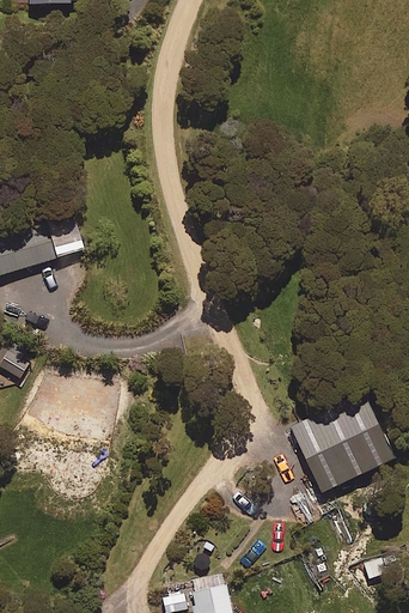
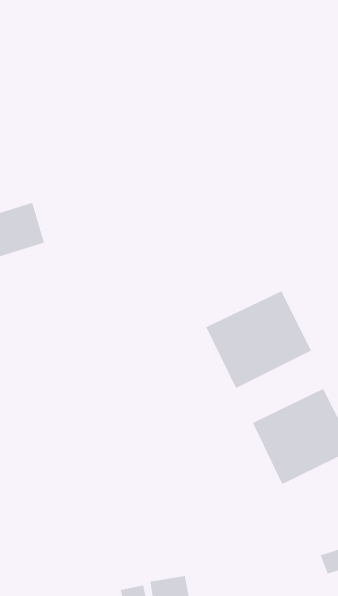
building: none -> [206,290,312,389]

